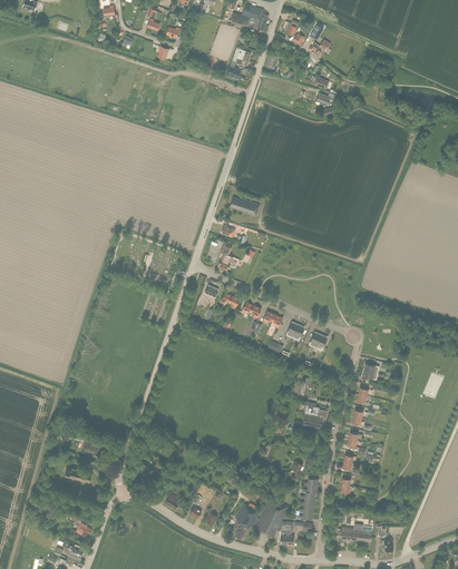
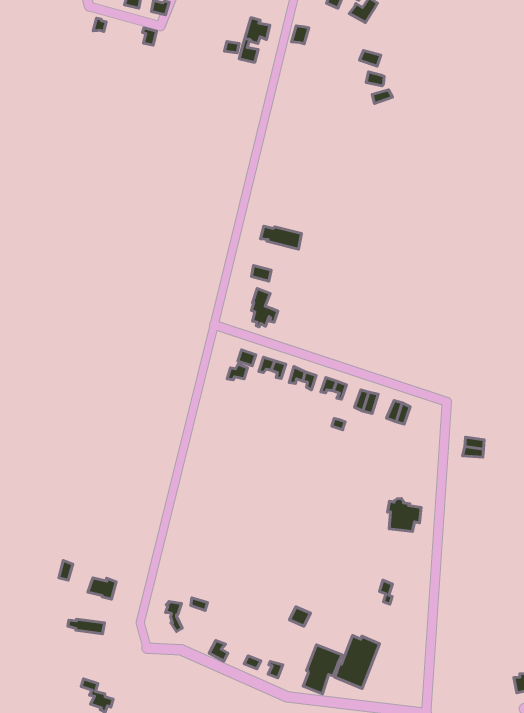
building: [340,523,372,541] -> none

